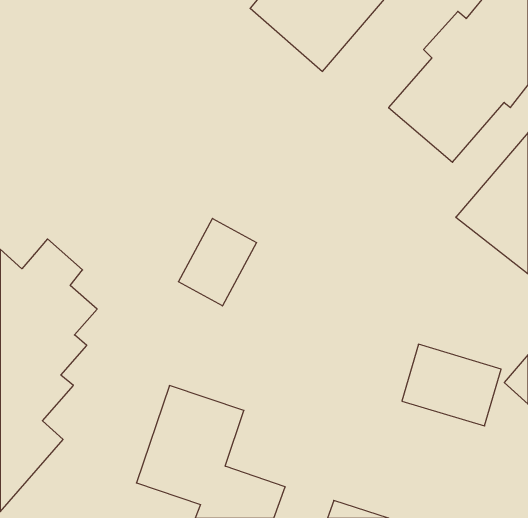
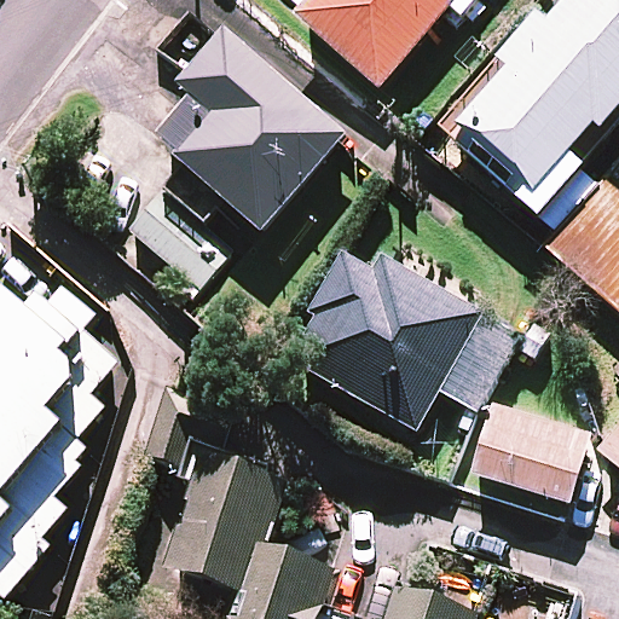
building: none -> [133,30,341,284]
building: none -> [288,253,519,424]
building: [178,218,257,306] -> none

